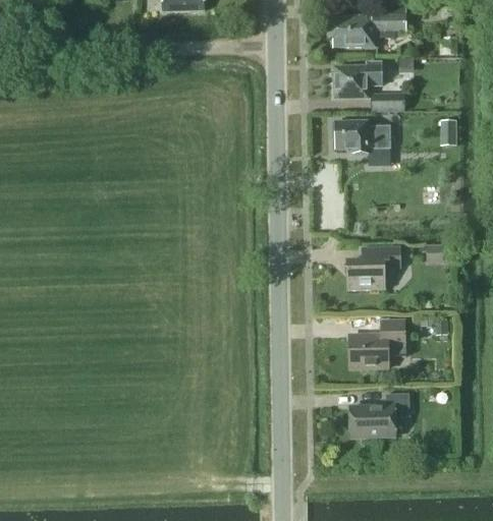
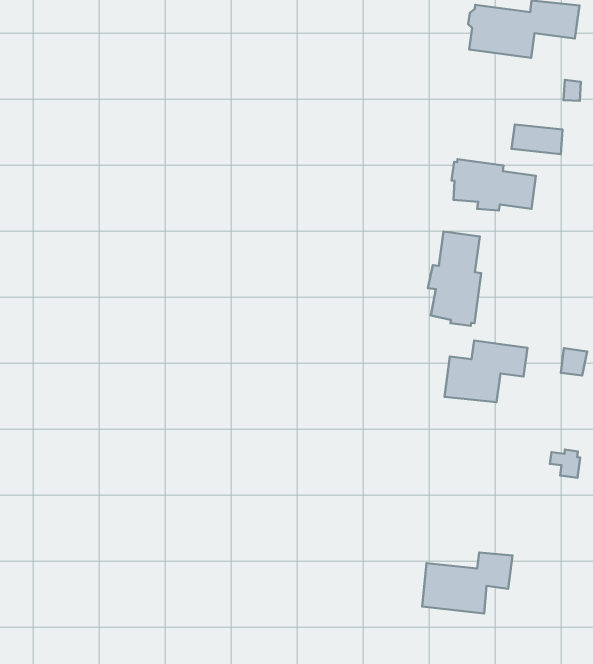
building: [331,63,381,100] -> none
building: none -> [428,232,481,326]
building: [348,321,406,367] -> none

